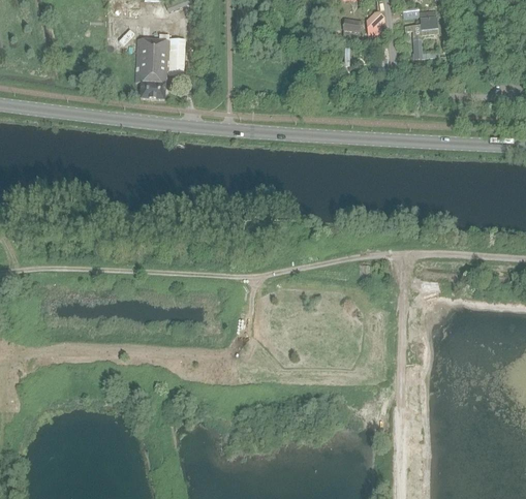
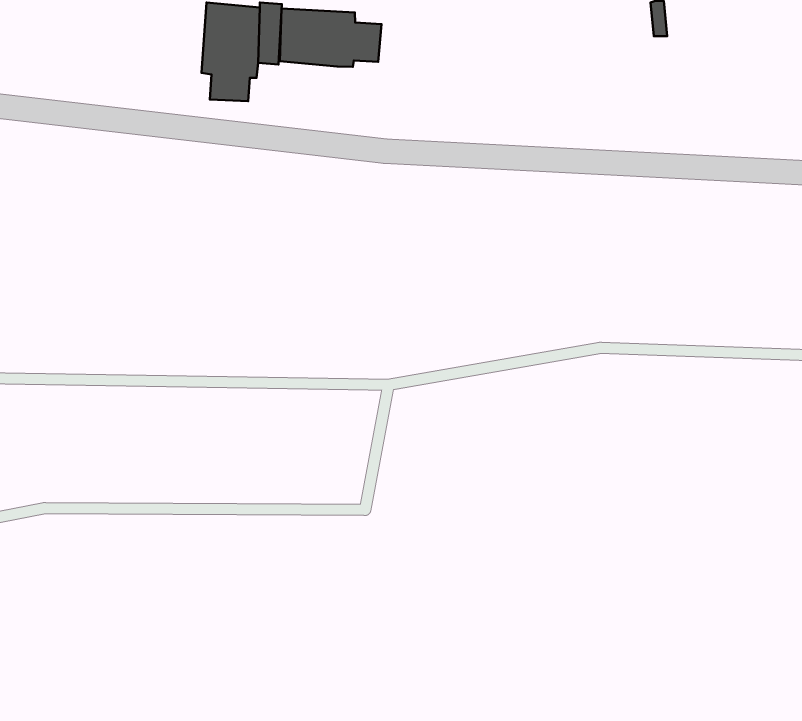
building: none -> [280,9,381,67]

